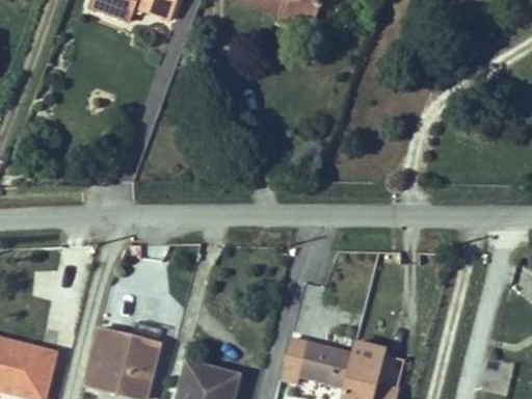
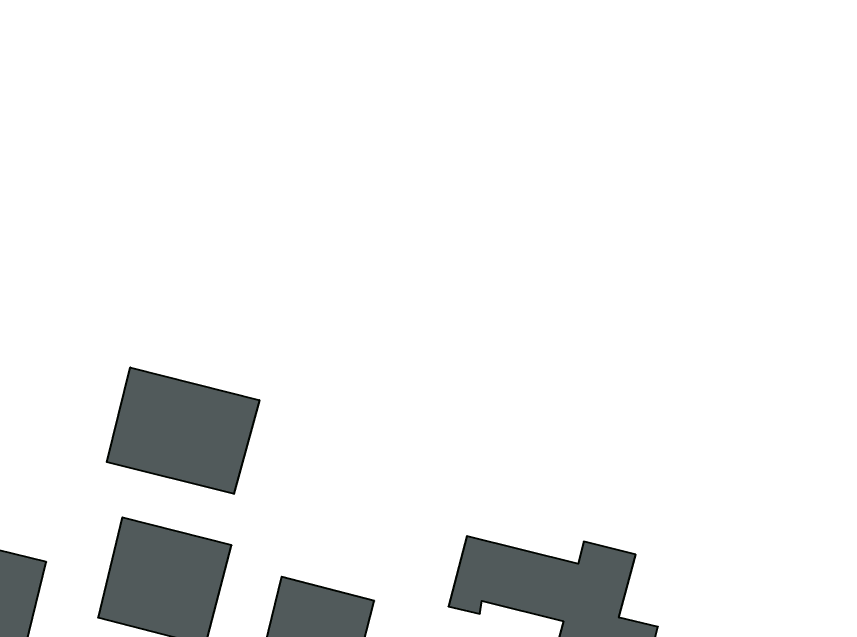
building: none -> [107,367,259,494]

